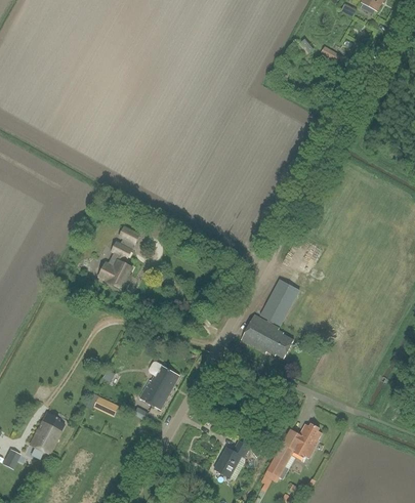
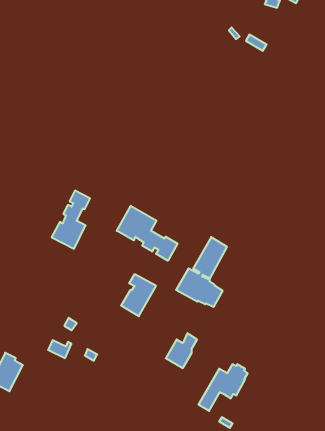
building: none -> [117,206,177,261]
building: [139,362,179,410] -> [121,274,156,316]
building: [213,439,249,479] -> [166,333,197,368]

